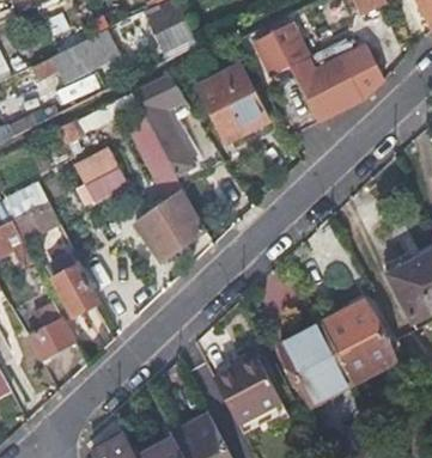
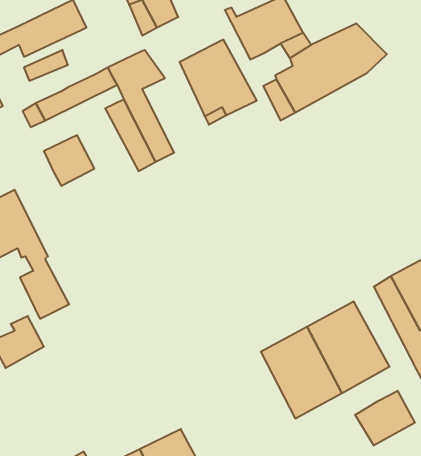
building: [145,197,208,261] -> none
building: [213,361,278,425] -> none
building: none -> [355,391,415,445]

